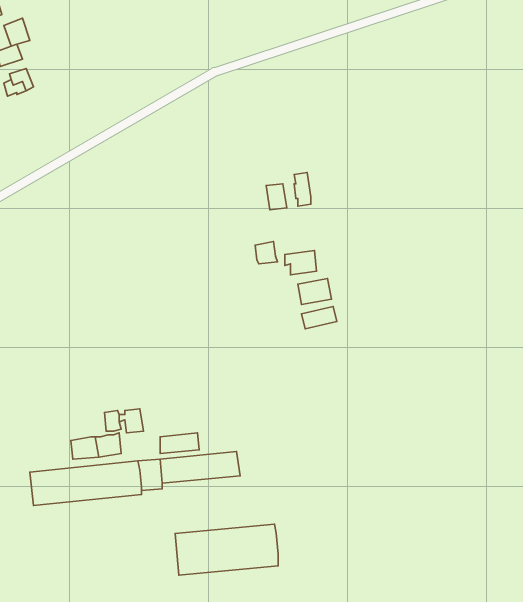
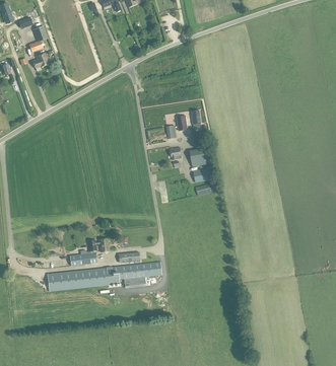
building: [175,524,278,575] -> none

